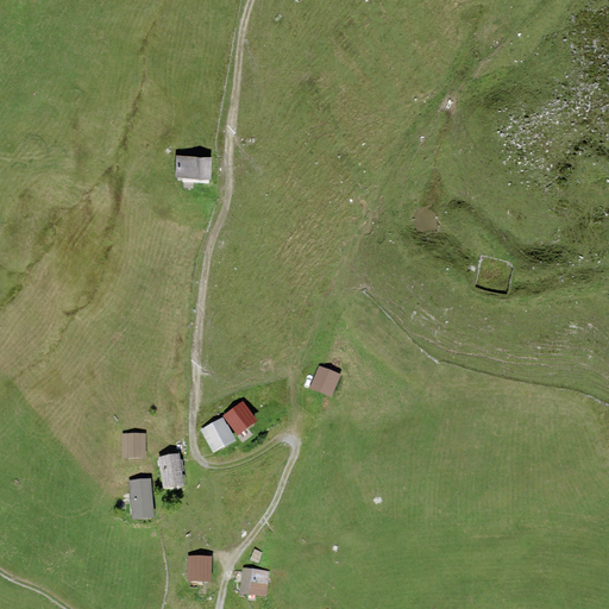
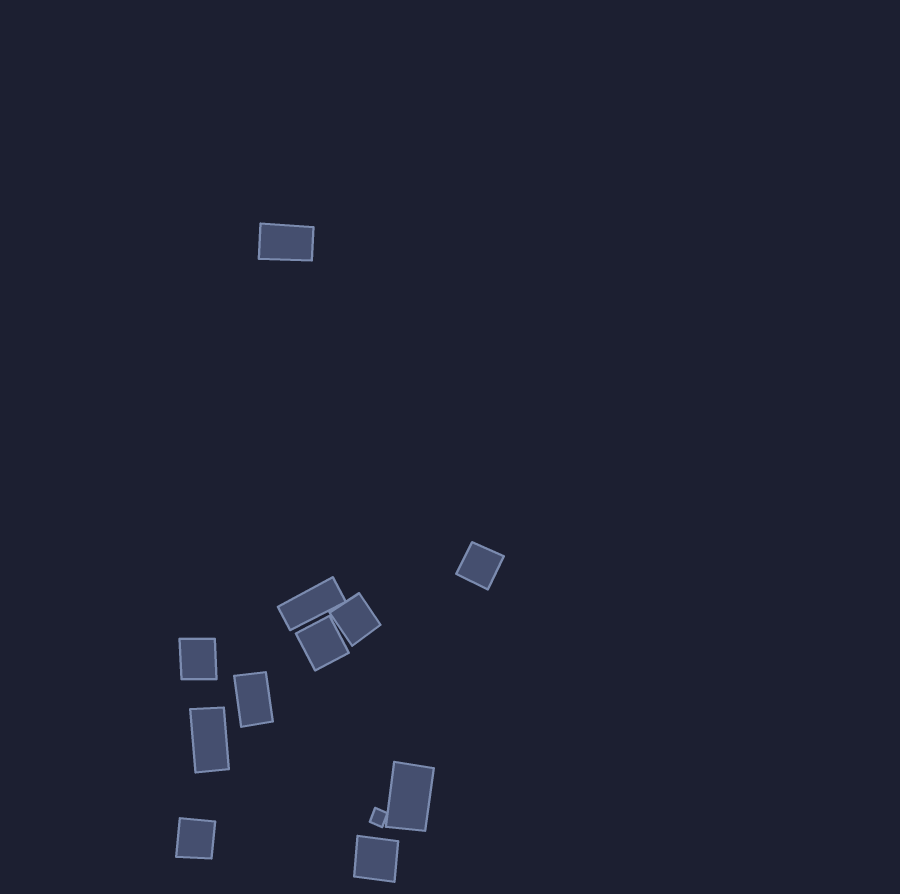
building: none -> [278,577,346,630]
building: none -> [386,762,434,831]
building: [183,554,209,582] -> [176,818,215,859]

